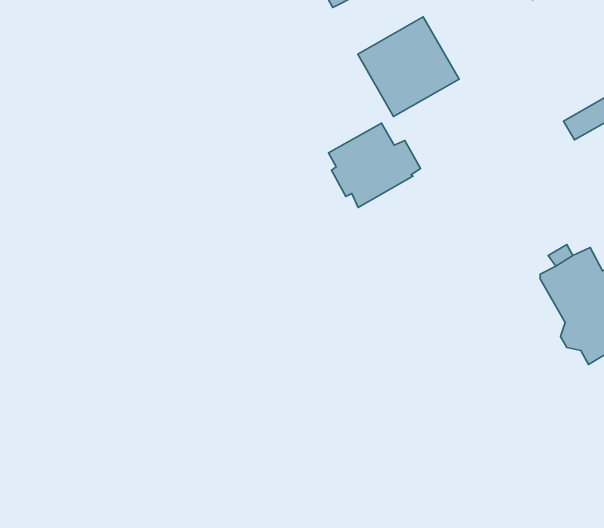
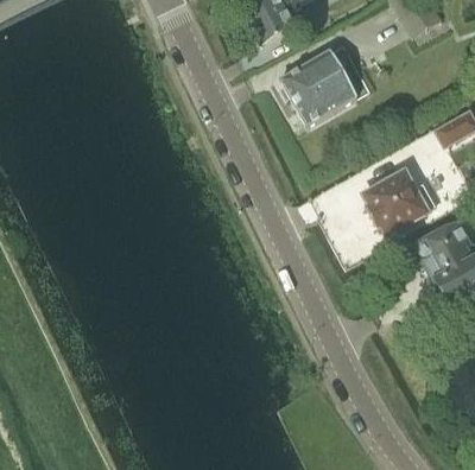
building: [329,123,421,207] -> [366,170,436,234]

